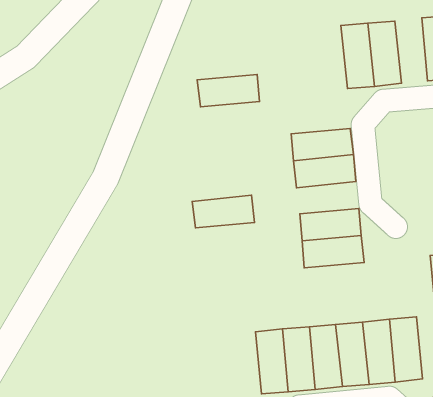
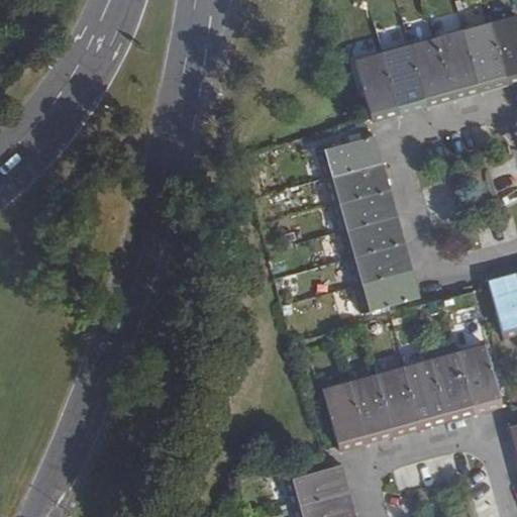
building: none -> [409,34,453,105]
building: [197,75,259,107] -> [315,133,383,177]
building: [192,195,254,228] -> [338,214,406,257]

